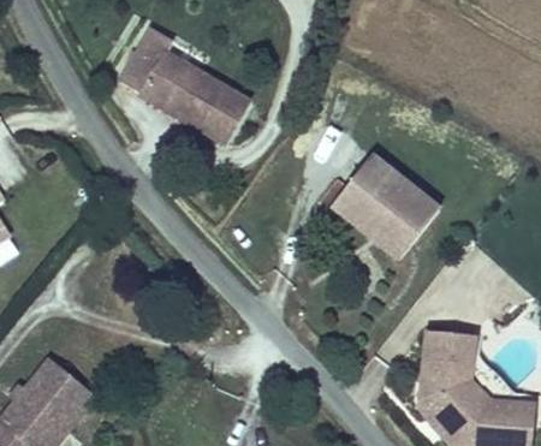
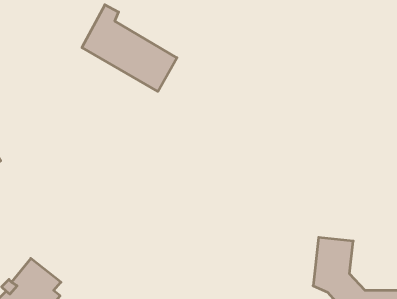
building: [328,151,442,262] -> none

